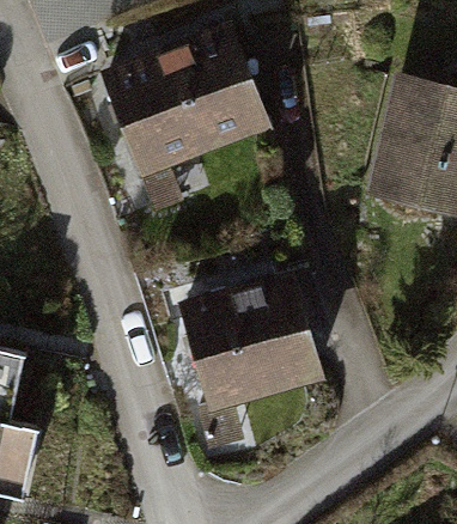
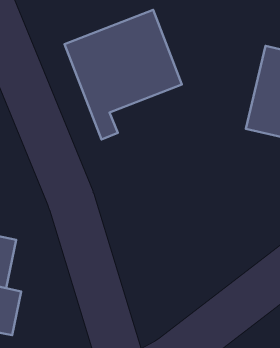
building: [177,269,324,414] -> none

